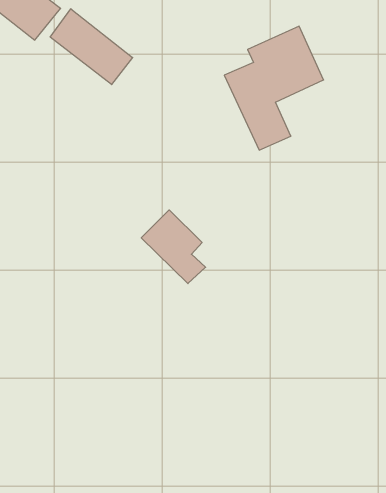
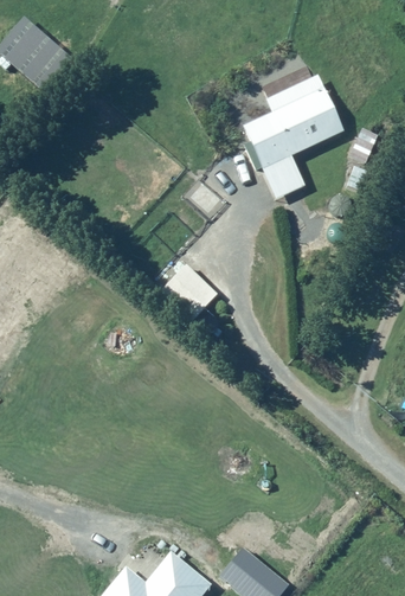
building: [50,9,133,85] -> none

